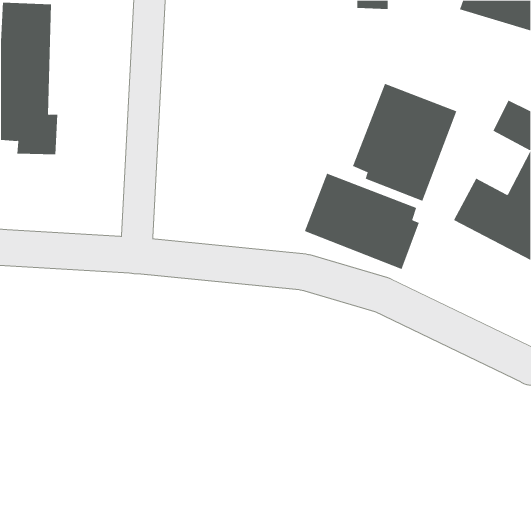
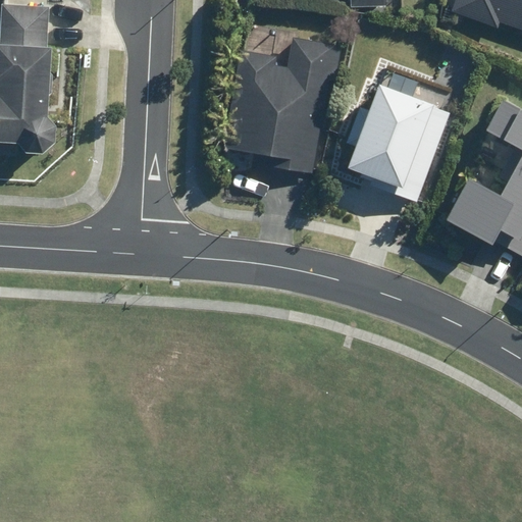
building: none -> [222,37,337,177]
building: [304,173,420,270] -> none

